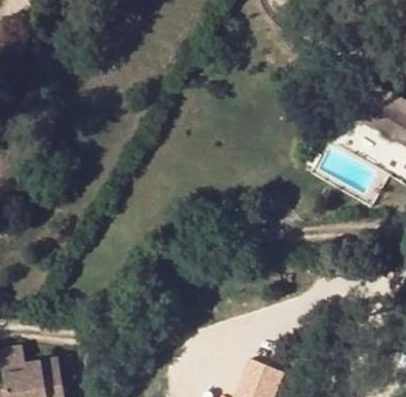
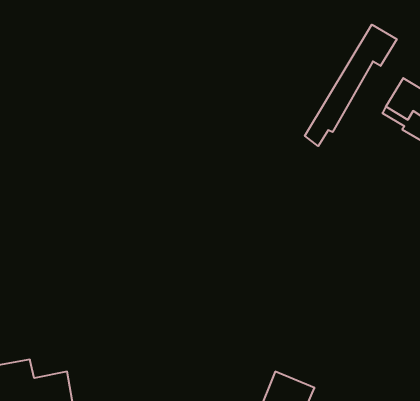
building: none -> [305,25,397,146]

